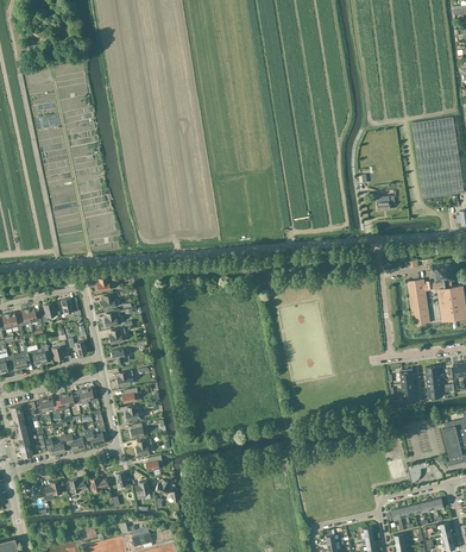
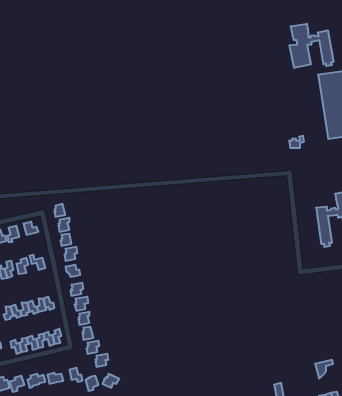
building: none -> [290,24,333,68]

